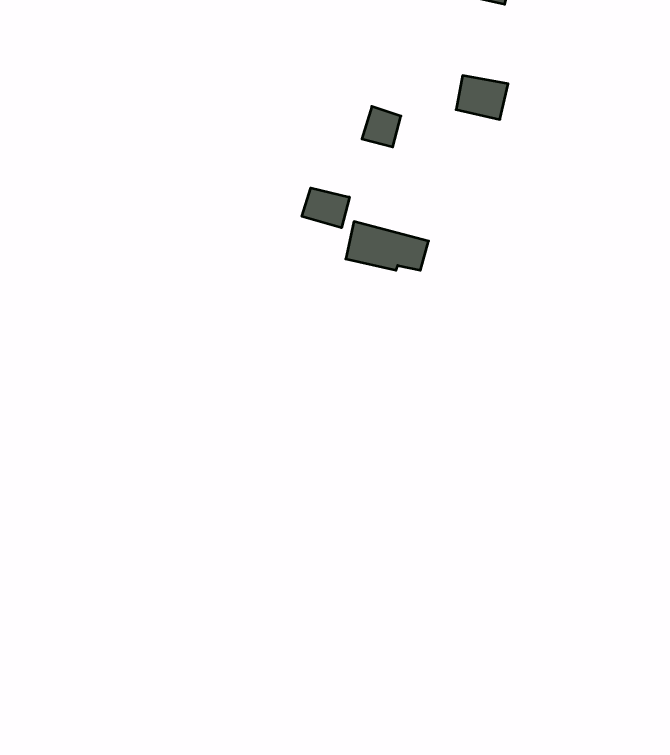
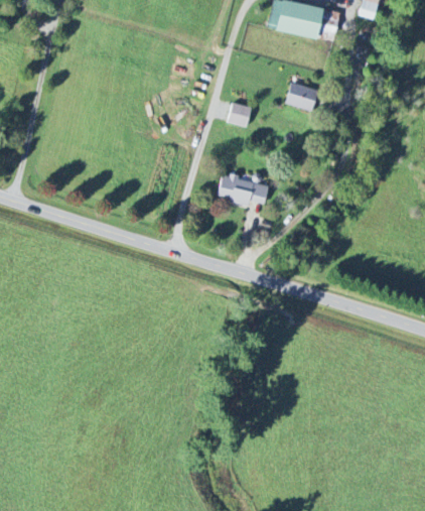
building: [302,188,349,228] -> none

